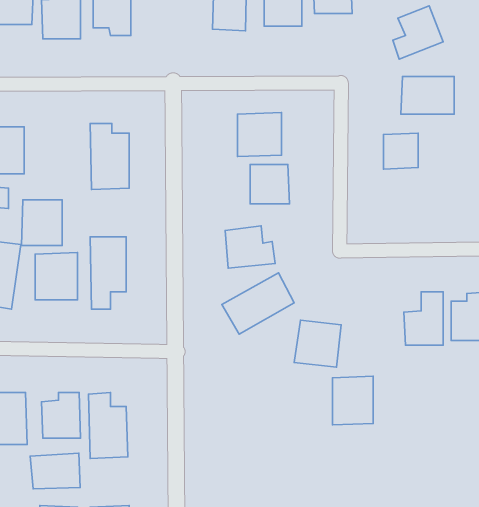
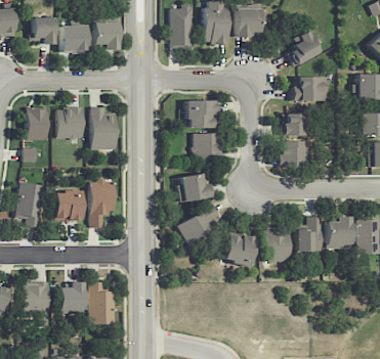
building: none -> [281,140,310,166]
building: [21,200,62,245] -> [56,108,83,138]
building: [332,376,373,425] -> [263,230,290,262]
building: [30,453,80,489] -> none

